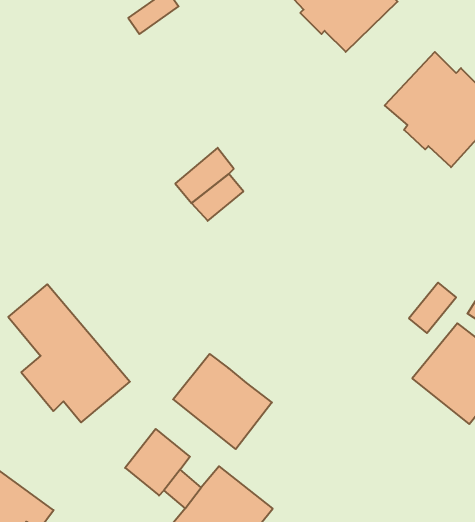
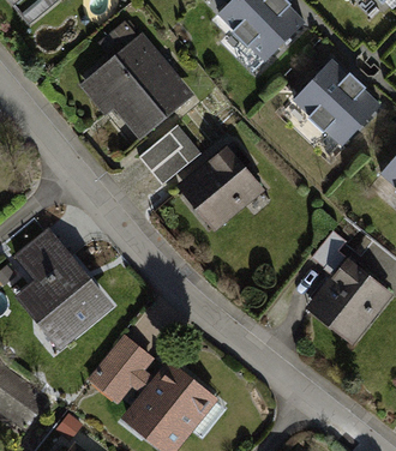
building: none -> [89,37,188,134]
building: none -> [186,148,262,223]
building: [173,354,272,449] -> none

